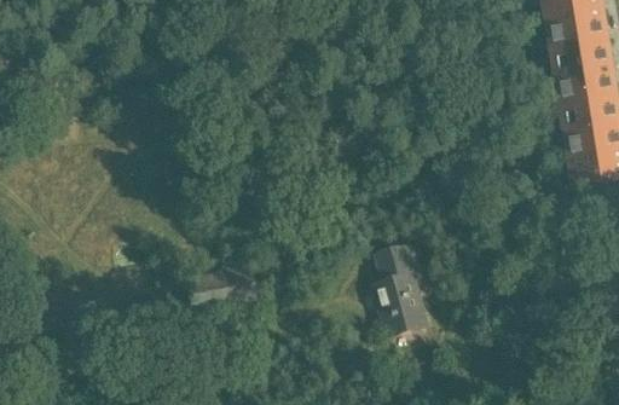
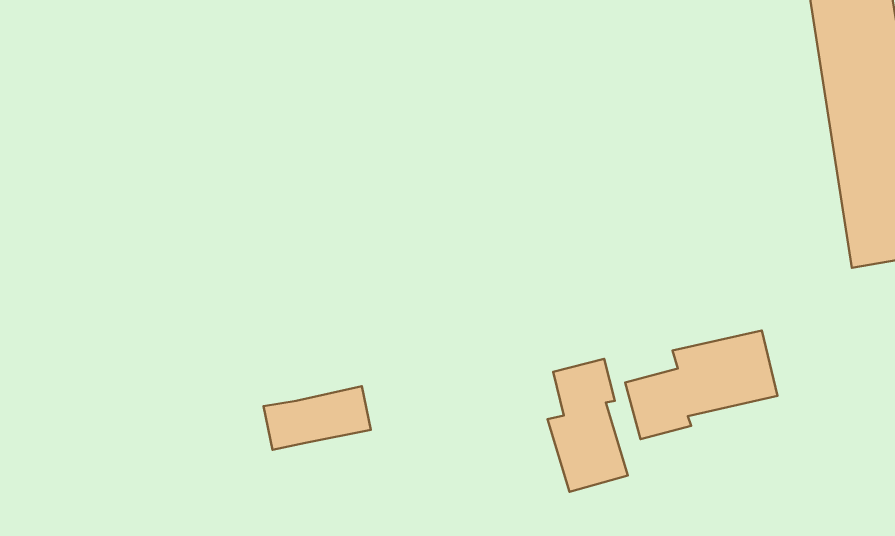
building: none -> [625,330,778,439]

